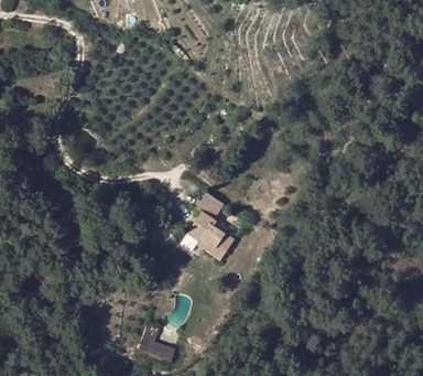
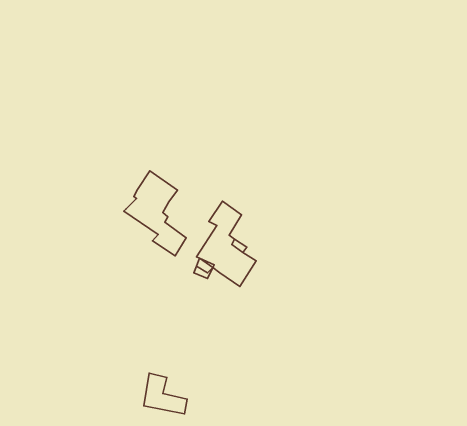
building: none -> [124,171,186,256]

